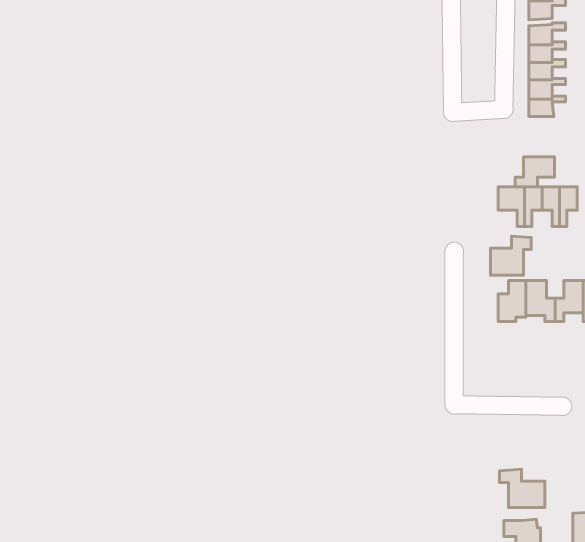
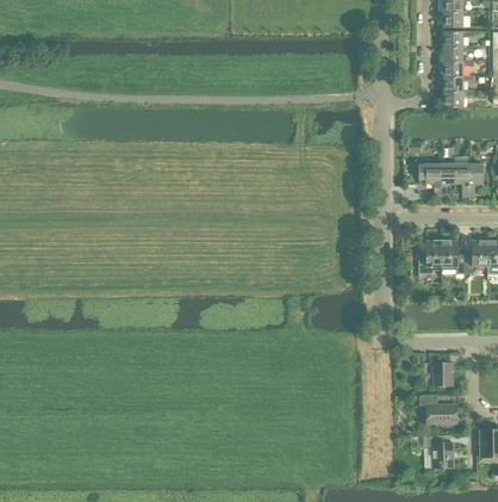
building: [515,157,555,187] -> none
building: [491,236,531,275] -> none
building: none -> [430,353,452,385]

